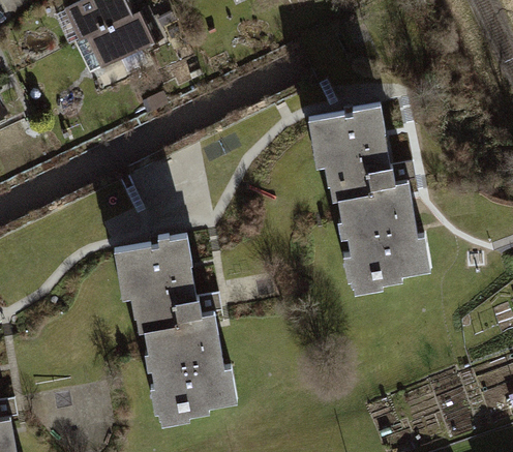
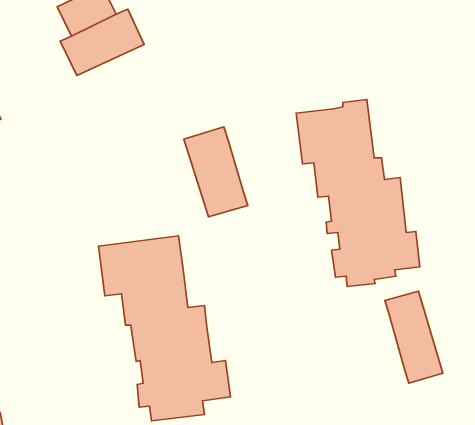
building: none -> [184,127,248,217]
building: none -> [385,291,443,383]

